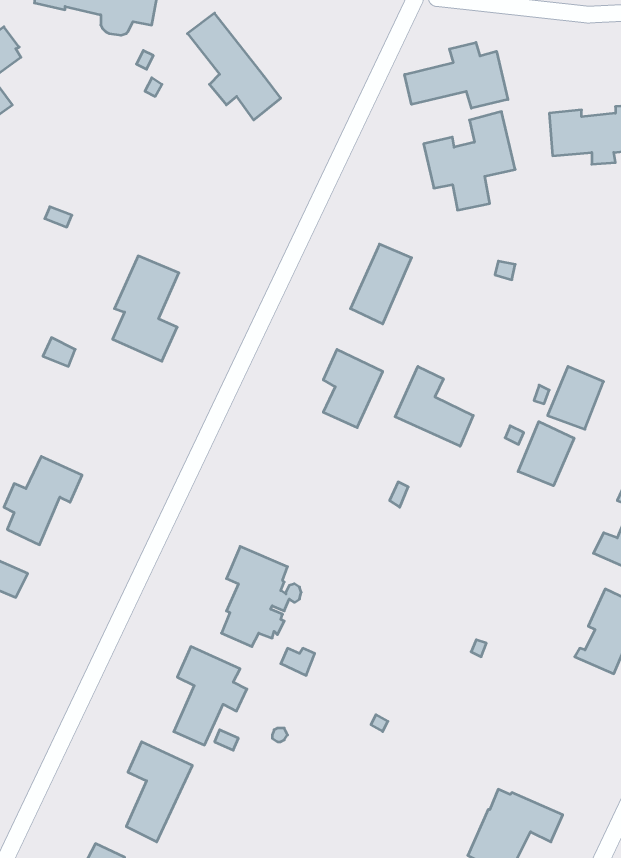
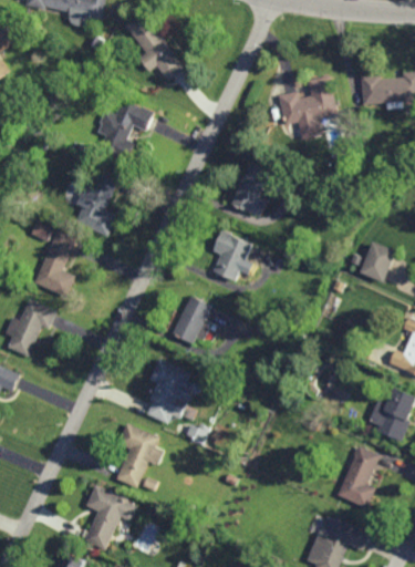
building: [405,42,508,108] -> none
building: none -> [97,99,152,161]
building: none -> [33,231,75,298]
building: [395,366,473,446] -> none
building: [518,422,574,486] -> none
building: none -> [172,296,211,344]
building: none -> [336,446,378,509]

